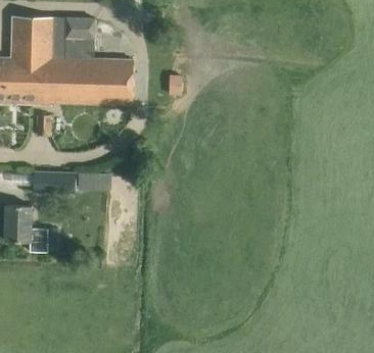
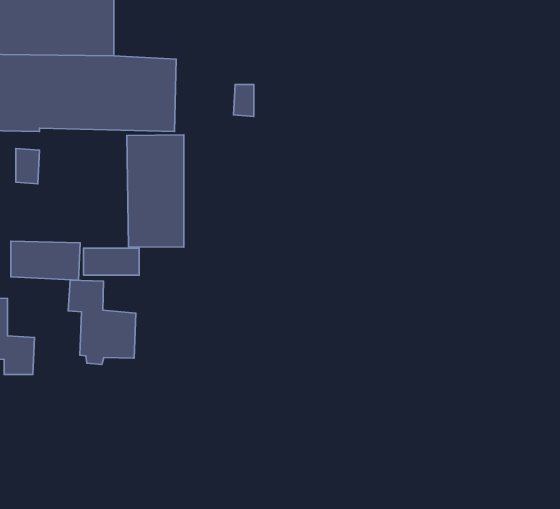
building: none -> [127,135,184,247]
building: none -> [68,280,136,364]

